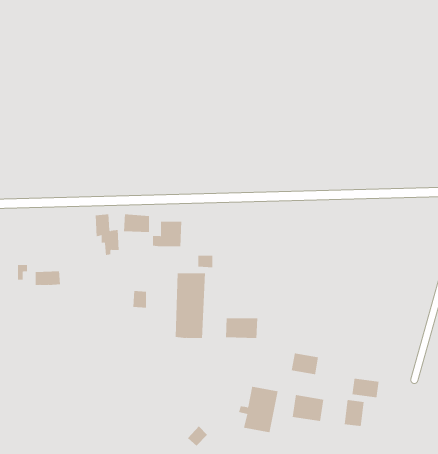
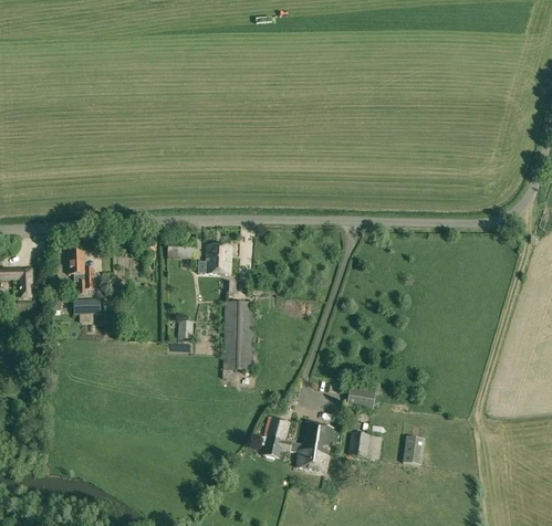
building: [95,214,120,256] -> [67,250,94,294]
building: [225,318,258,339] -> none
building: [352,378,379,398] -> none
building: none -> [263,417,292,457]

